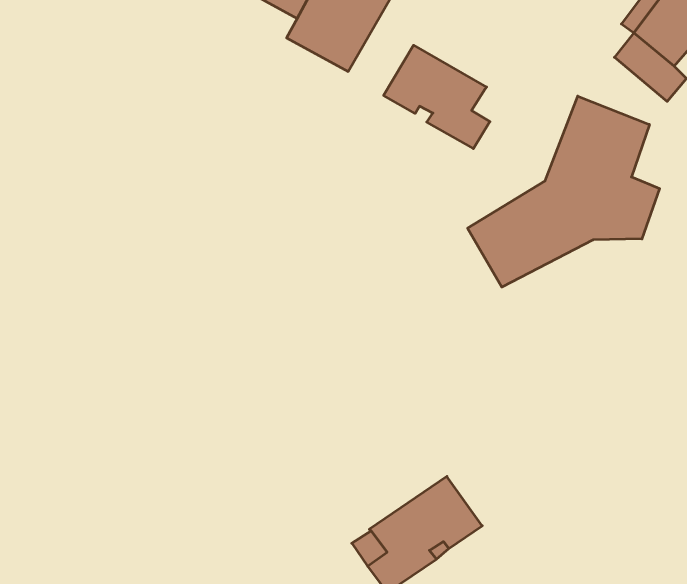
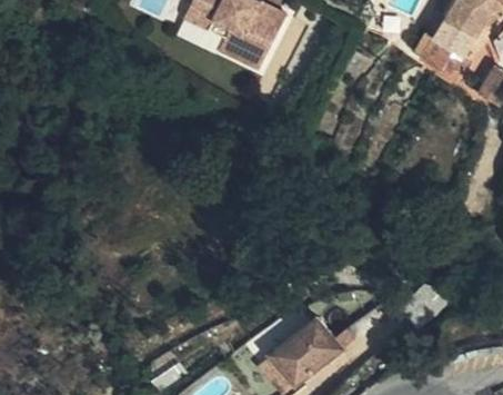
building: [384,45,490,149] -> none
building: [468,96,660,287] -> none

